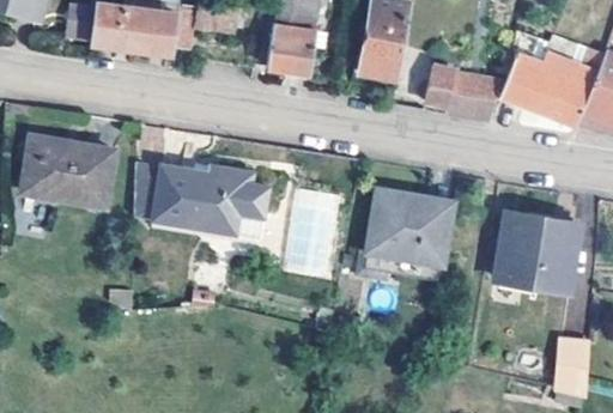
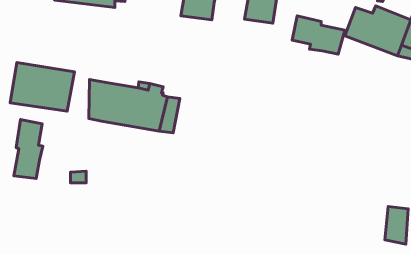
building: [358,190,451,281] -> none
building: [496,213,577,290] -> none
building: none -> [14,119,43,178]

